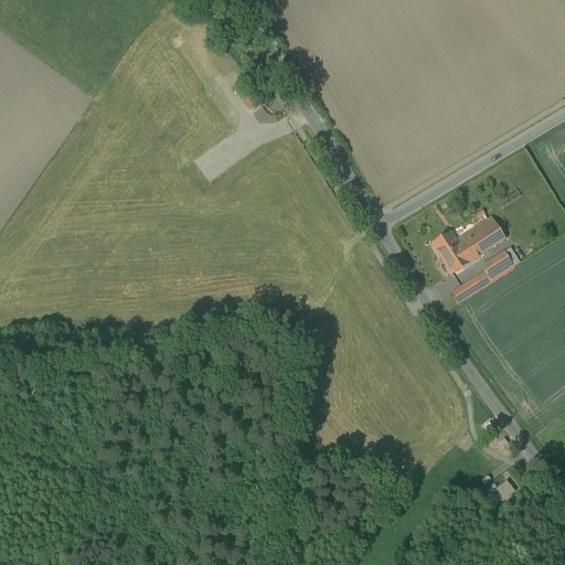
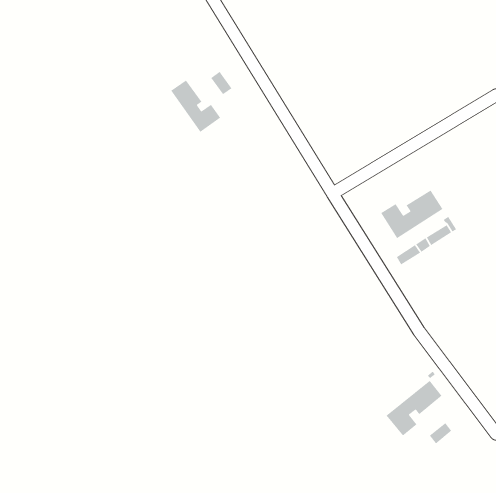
building: none -> [170,79,221,133]
building: none -> [386,380,443,437]

